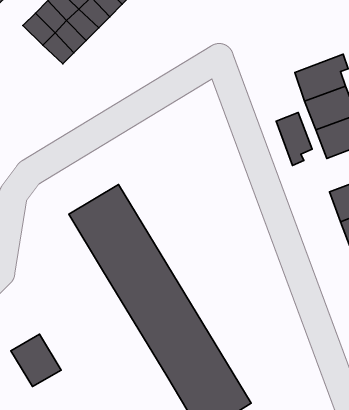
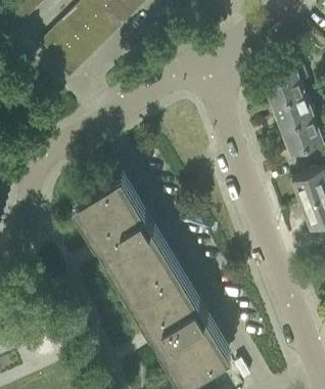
building: [276,112,312,165] -> none
building: [11,334,61,387] -> none

